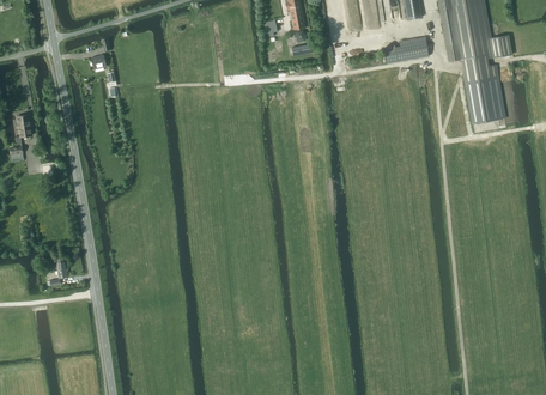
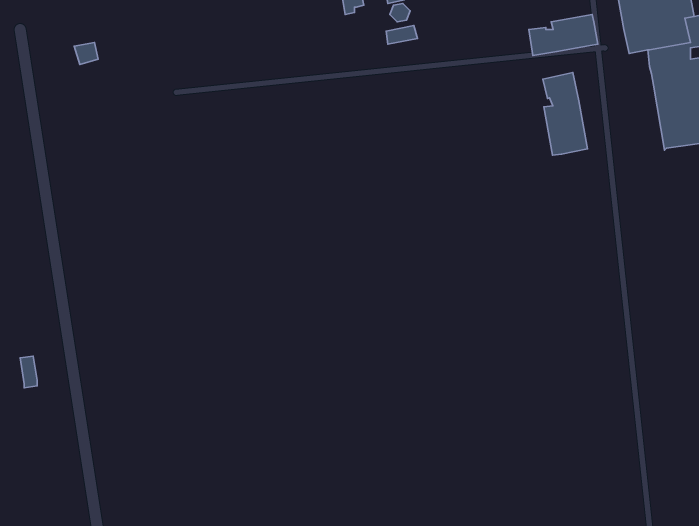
building: none -> [543,73,588,155]

